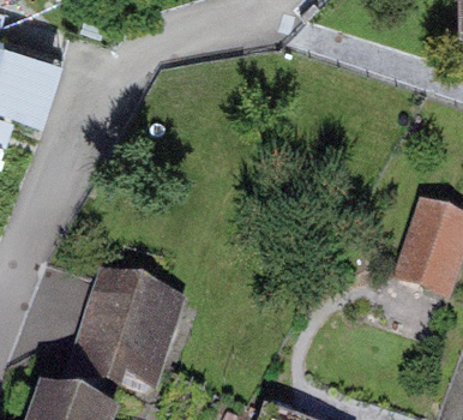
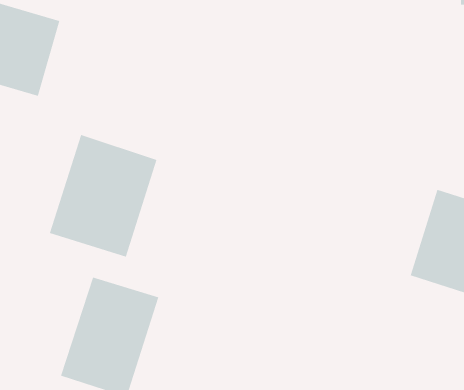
building: none -> [49,134,157,258]

